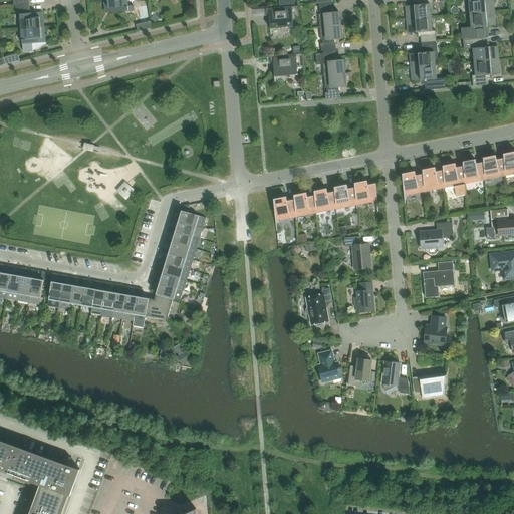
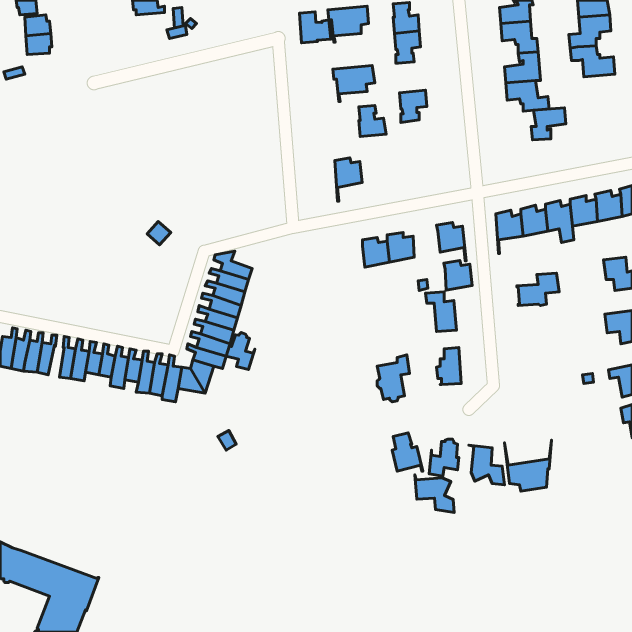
building: none -> [299,12,331,43]
building: [323,50,345,75] -> [359,106,386,137]
building: [472,60,500,86] -> [531,108,566,140]
building: [334,185,357,209] -> [444,261,472,290]
building: [274,197,296,232] -> [335,158,362,201]
building: [423,261,455,297] -> none
building: none -> [226,332,255,369]
building: [424,316,447,344] -> none
building: none -> [415,475,454,512]

